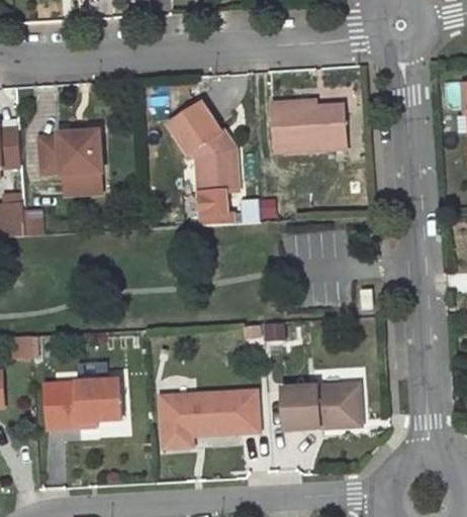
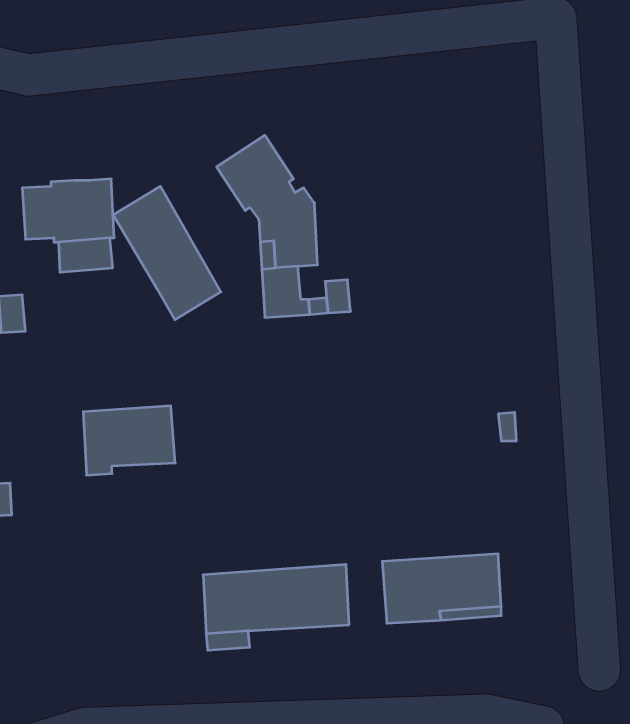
building: [272,101,346,150] -> none
building: none -> [113,186,221,320]
building: [61,380,122,426] -> [83,406,175,475]

